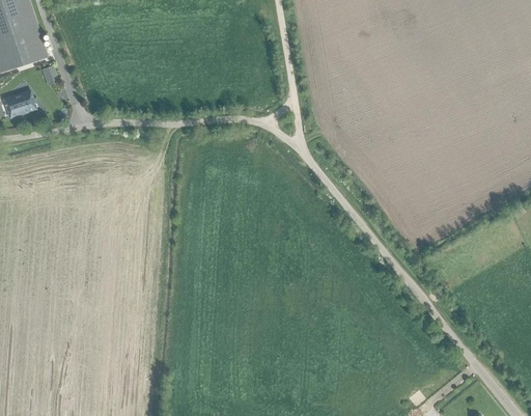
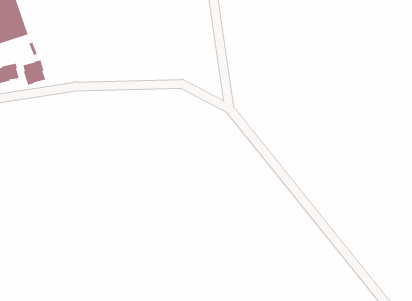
building: none -> [23,59,46,85]

